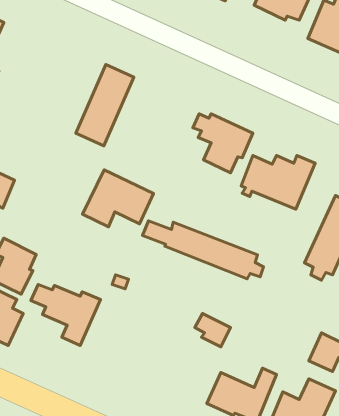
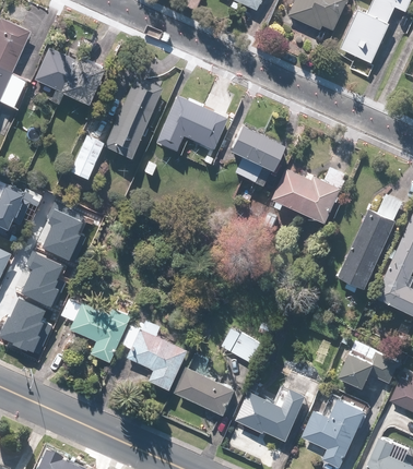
building: none -> [32,48,106,105]
building: none -> [69,134,104,179]
building: [83,170,153,227] -> [154,96,226,154]
building: none -> [37,208,83,265]
building: [142,221,263,279] -> none
building: none -> [119,318,185,388]
building: none -> [173,352,237,414]

